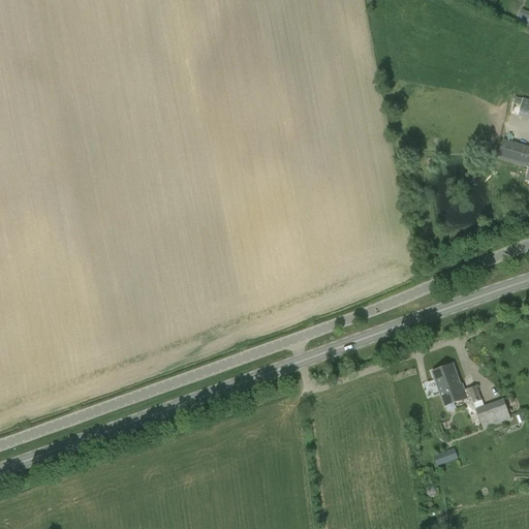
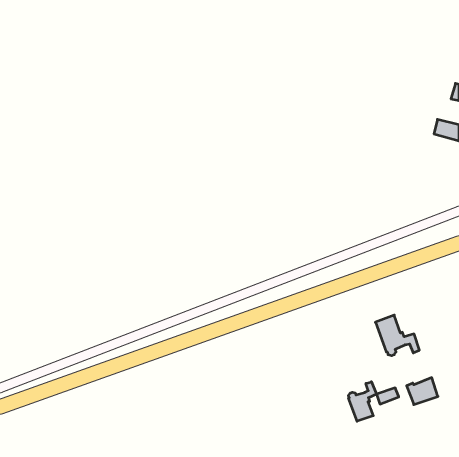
building: [475,397,511,428] -> [407,378,438,405]
building: none -> [348,382,376,421]

